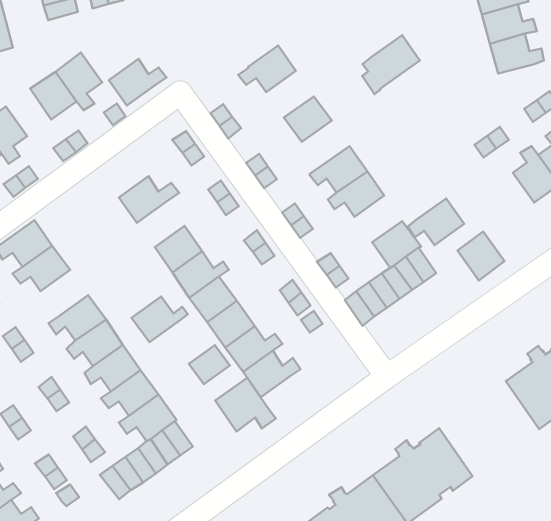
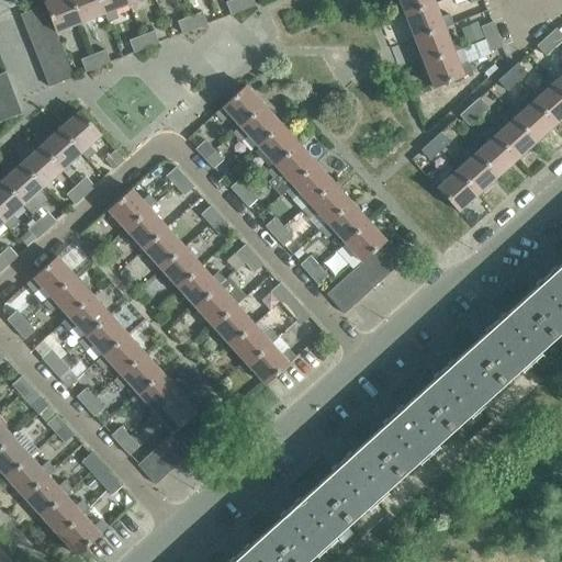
building: [362,35,420,94] -> [268,144,316,196]
building: [109,59,166,106] -> [109,189,157,229]
building: none -> [233,105,281,146]
building: none -> [22,146,61,187]
building: [408,198,464,245] -> [321,202,368,243]
building: [458,231,504,280] -> [437,170,477,212]
building: none -> [69,295,110,336]
building: [132,297,188,342] -> [144,228,191,268]
building: [189,345,230,384] -> none
building: [215,378,276,431] -> none
building: none -> [419,347,504,430]

